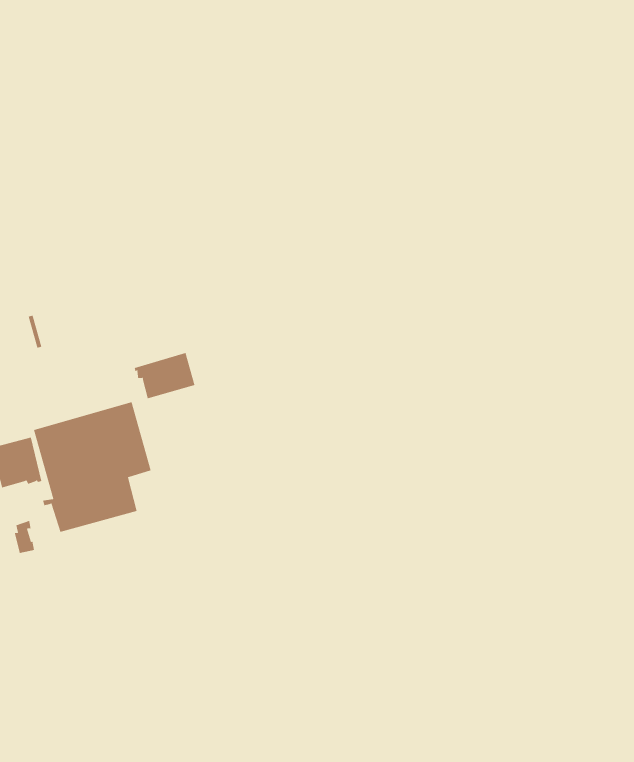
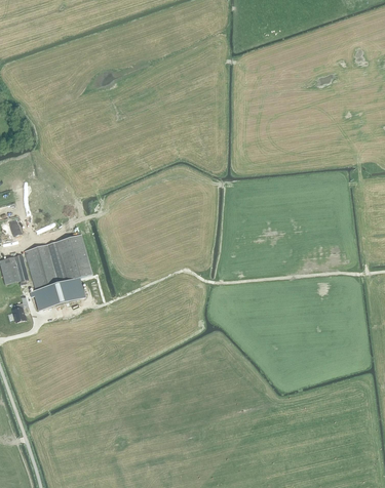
building: [134,352,195,399] -> none

